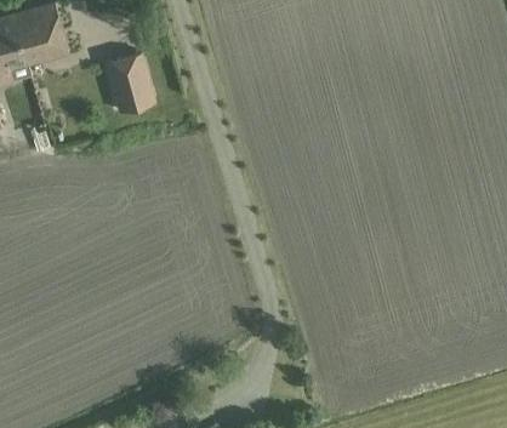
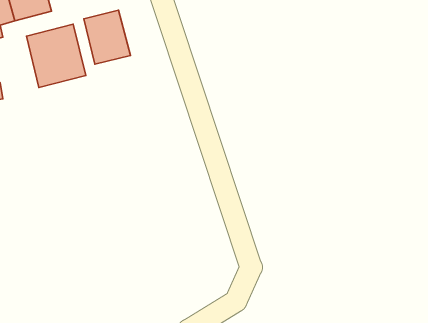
building: none -> [26,24,86,87]

